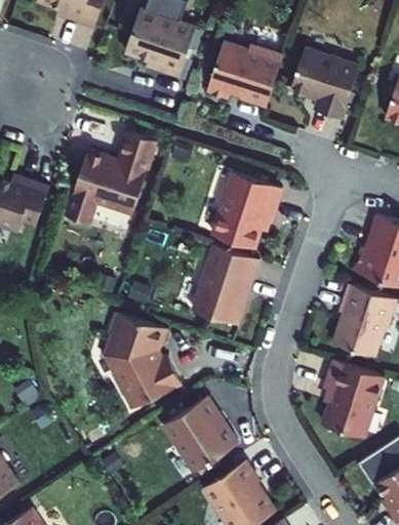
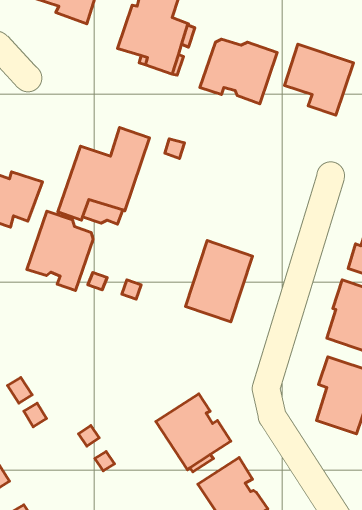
building: [212,172,281,248] -> none
building: none -> [27,211,93,291]
building: [107,313,179,407] -> none

